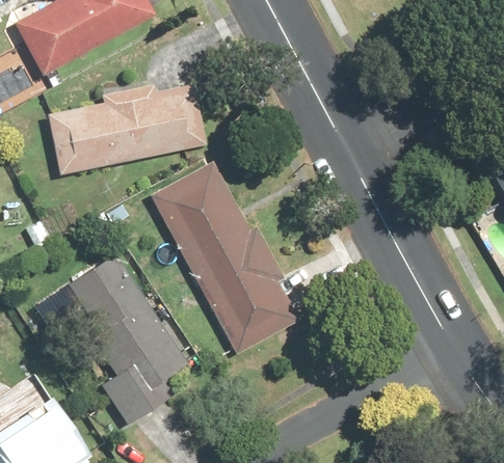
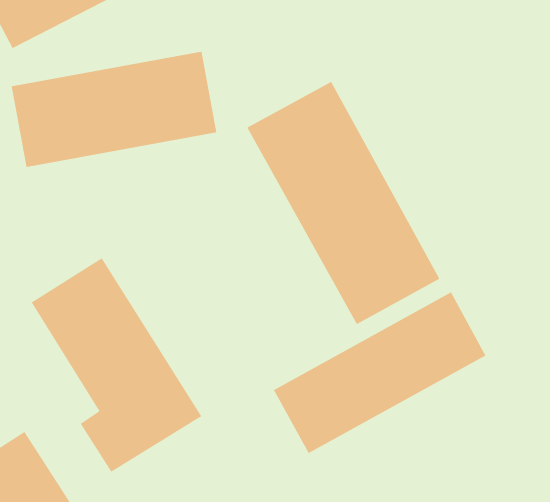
building: [142,153,303,355] -> [246,81,440,325]
building: none -> [273,292,486,454]

